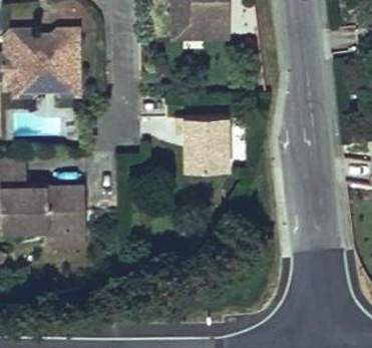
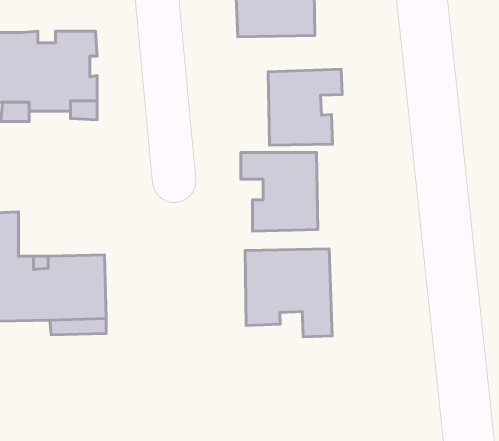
building: none -> [268,69,342,145]
building: none -> [245,249,332,337]

